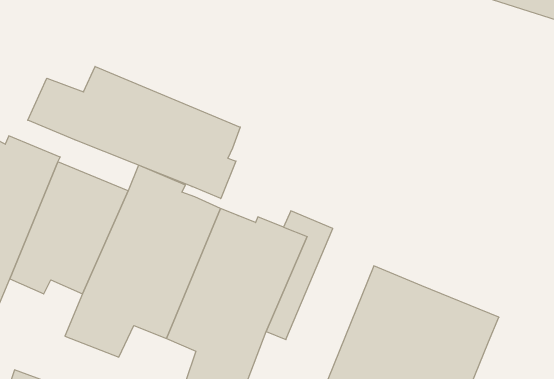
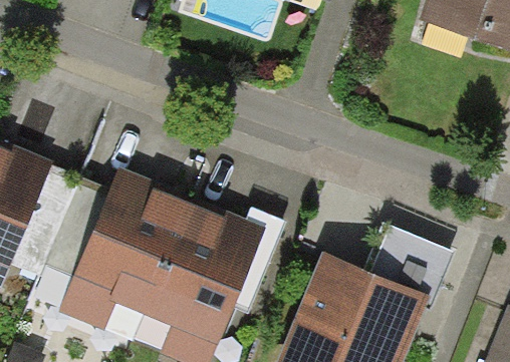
building: [28,66,240,199] -> none
building: none -> [363,222,454,297]

